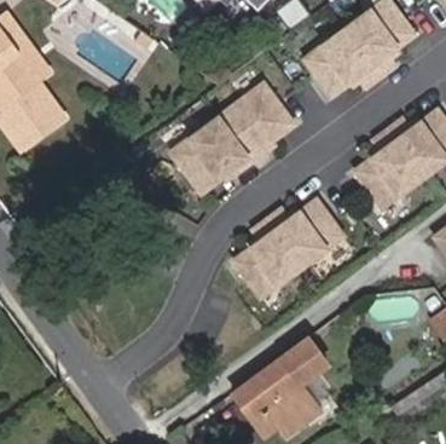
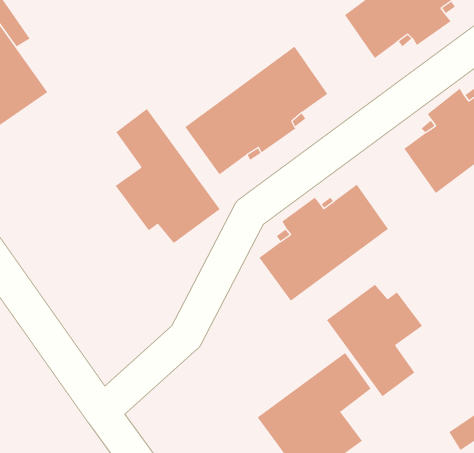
building: none -> [115,108,221,244]
building: none -> [326,284,423,397]

